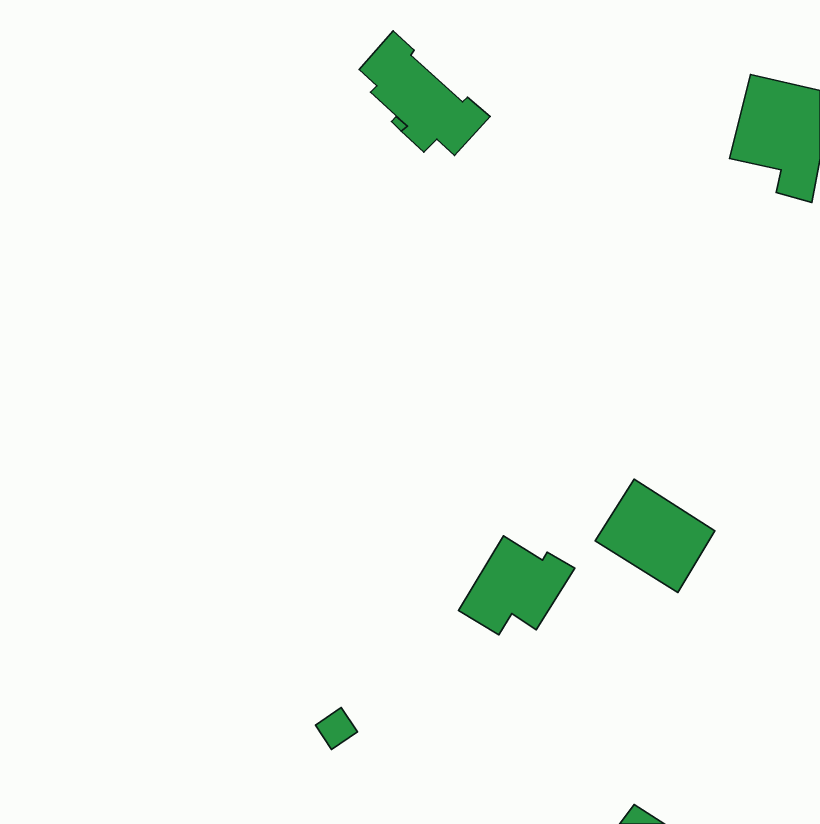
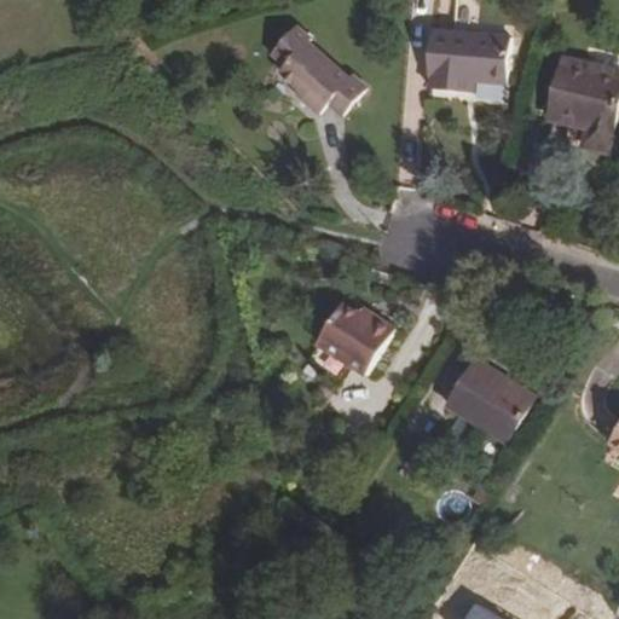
building: none -> [427,29,510,89]
building: [458,536,575,635] -> [305,303,392,377]

